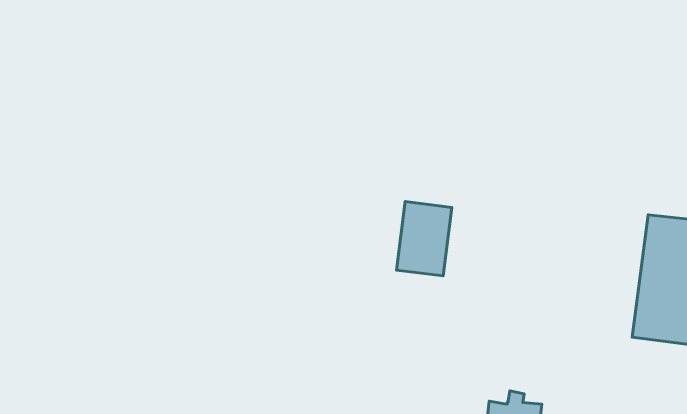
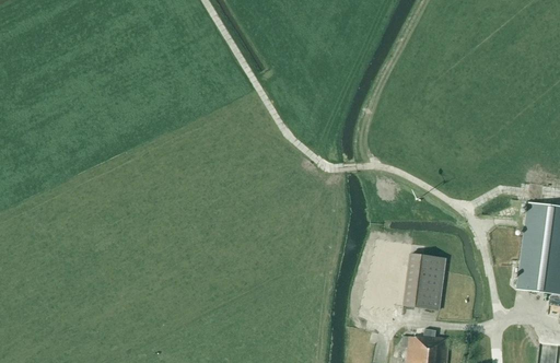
building: [396,202,452,276] -> [404,254,445,309]

